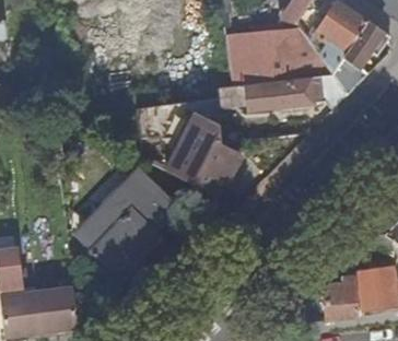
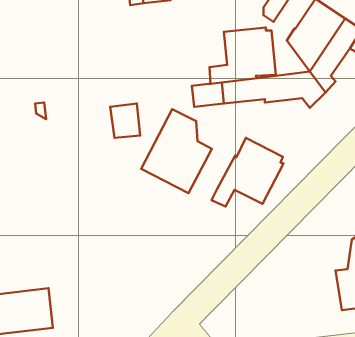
building: none -> [211,138,284,207]
building: [78,169,174,273] -> none
building: [323,255,360,319] -> none

